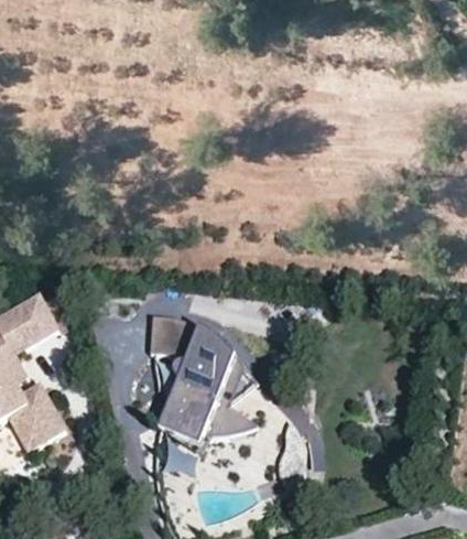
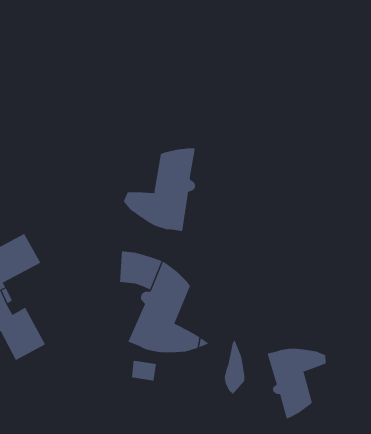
building: none -> [123,147,196,232]
building: none -> [267,348,326,420]

